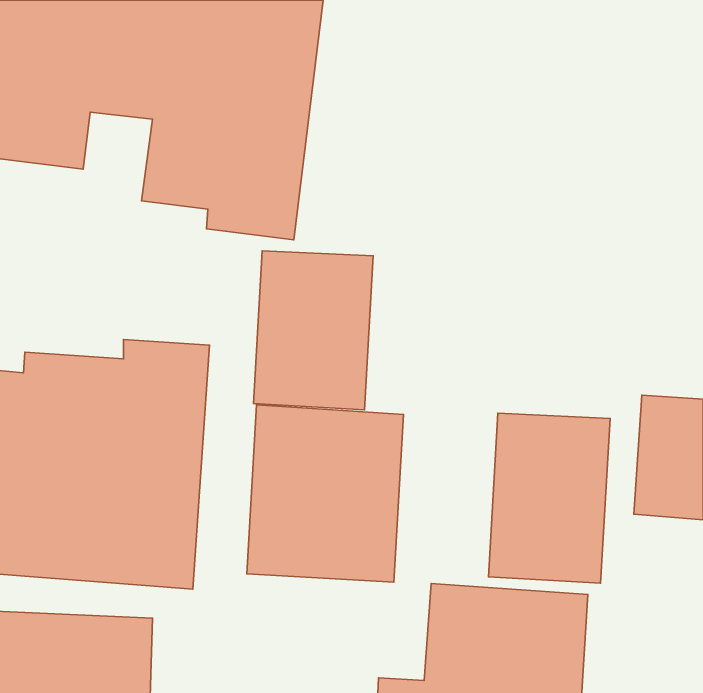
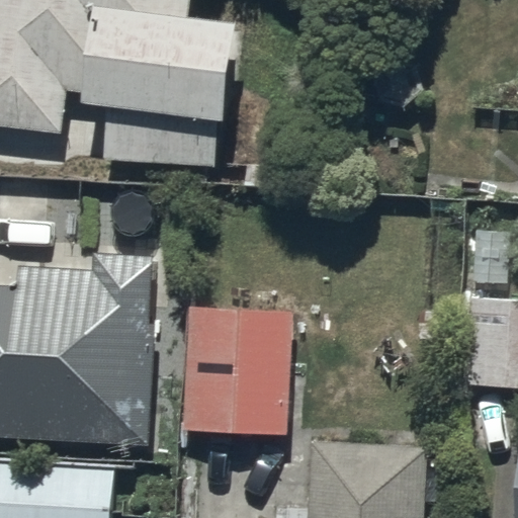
building: [254,251,373,410] -> none
building: [488,413,610,583] -> none

